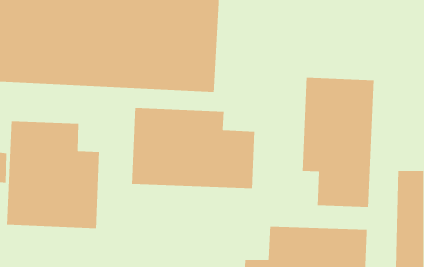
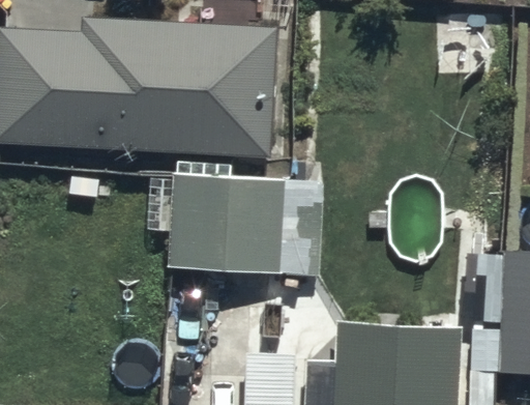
building: [302,77,374,208] -> none
building: [6,120,100,229] -> none

